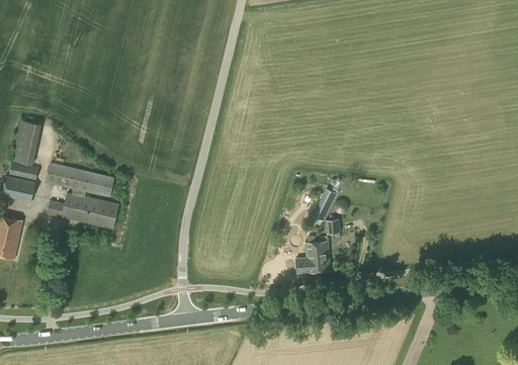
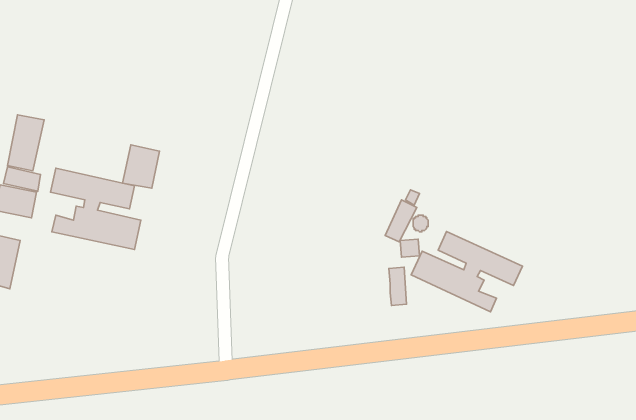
building: none -> [123,145,160,188]
building: none -> [411,231,523,312]
building: [295,243,318,275] -> none

